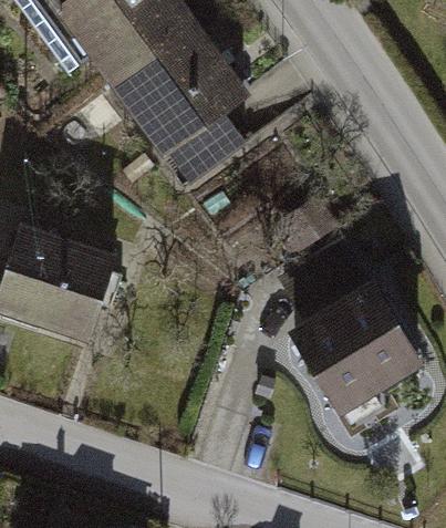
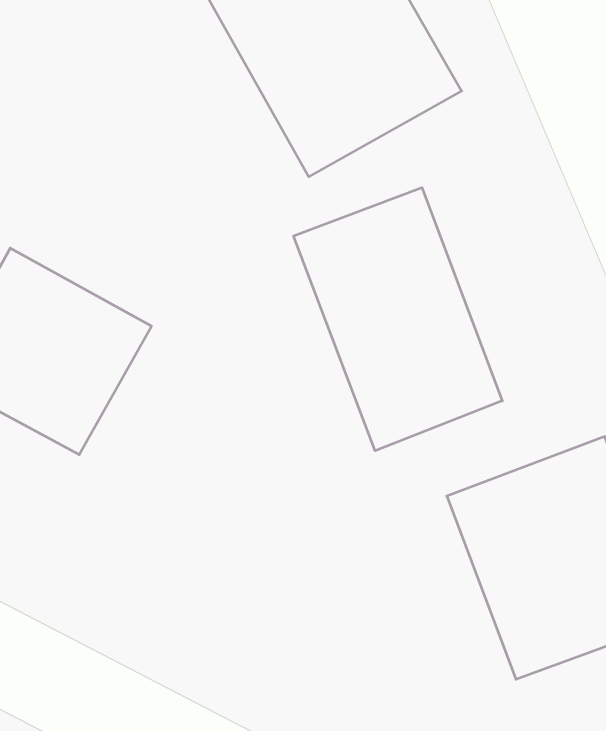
building: none -> [294,188,502,451]

